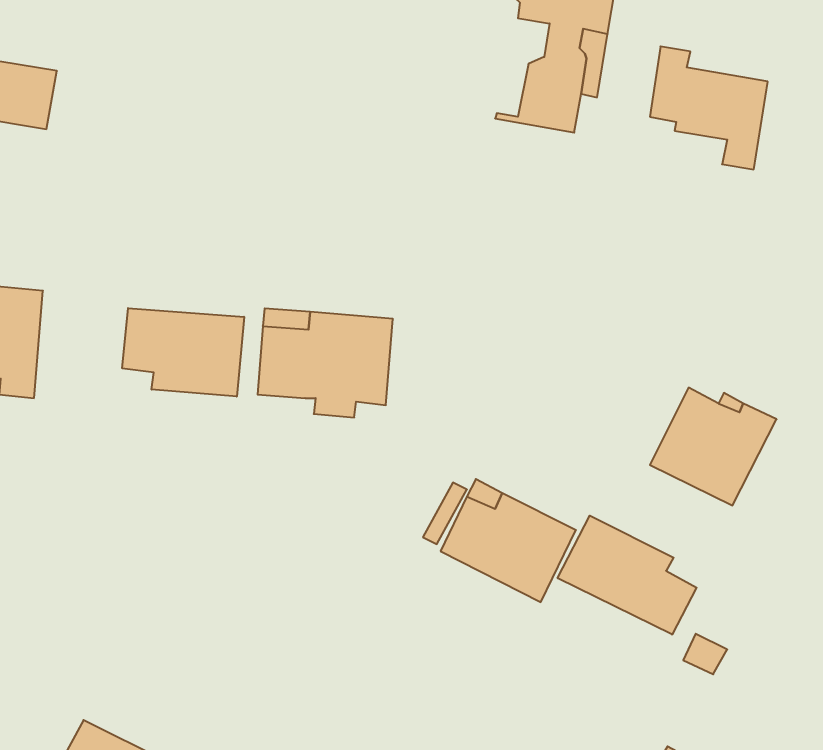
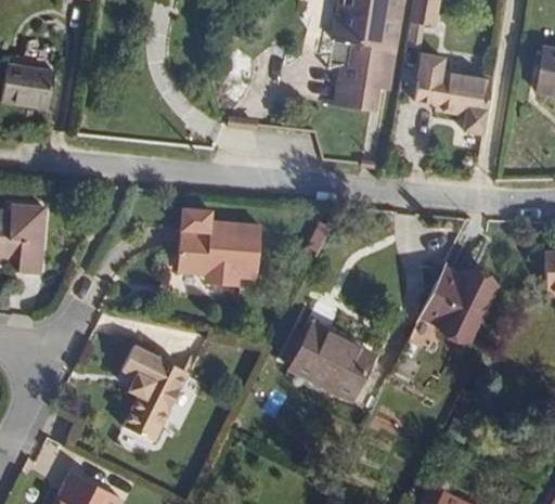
building: [122,308,244,397] -> none
building: none -> [122,345,190,440]
building: [558,516,697,635] -> none

